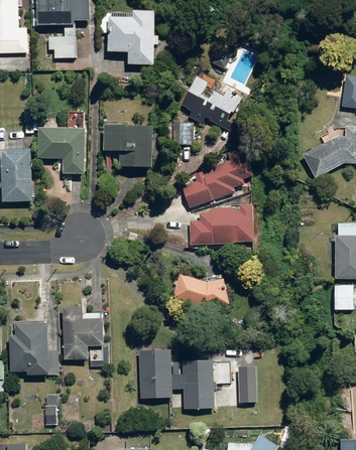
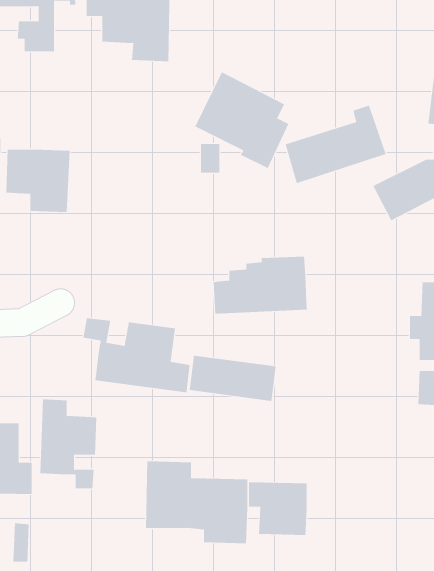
building: [102,123,154,167] -> none
building: [180,151,252,207] -> [285,105,386,184]
building: none -> [83,318,190,393]

